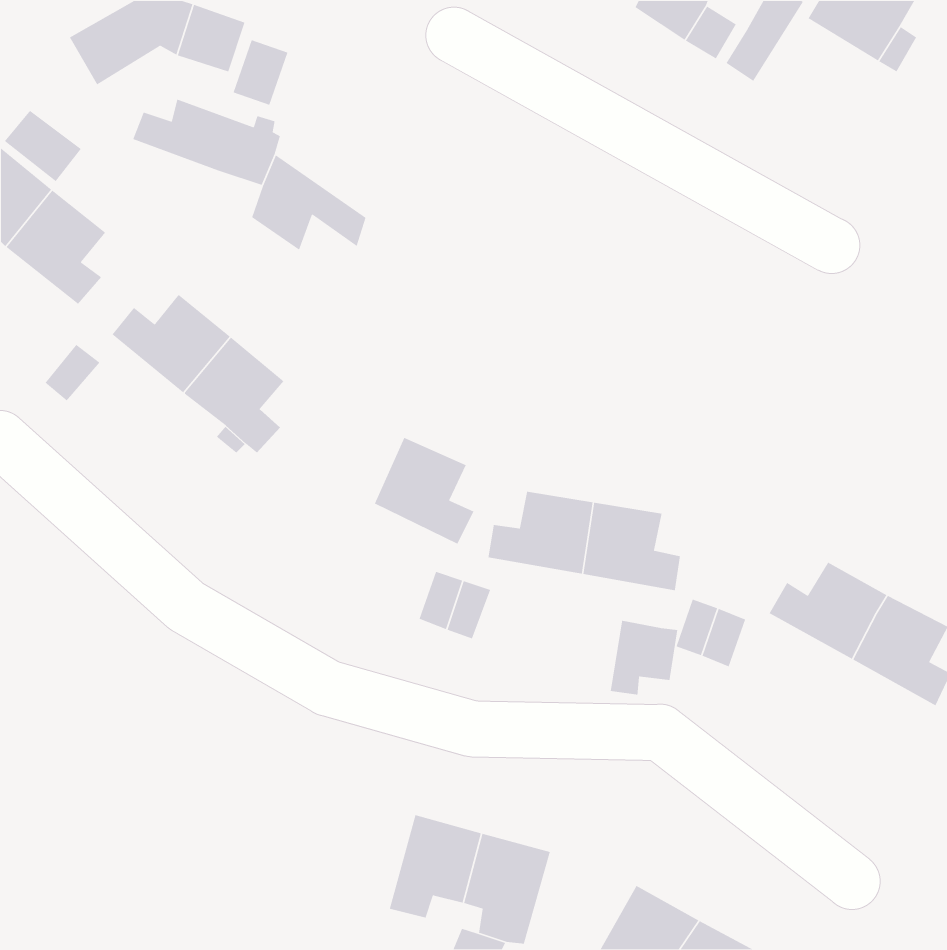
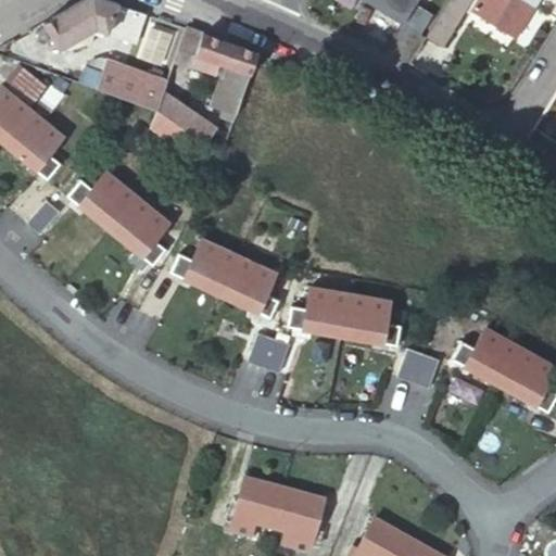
building: none -> [174,27,257,114]
building: none -> [172,238,238,294]
building: [610,620,678,695] -> none

